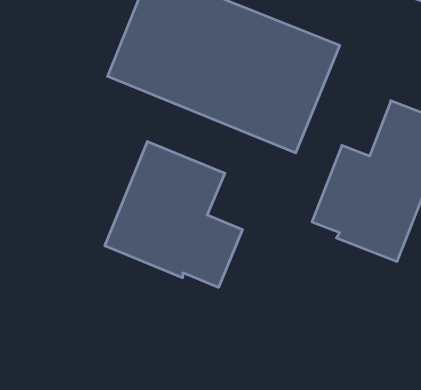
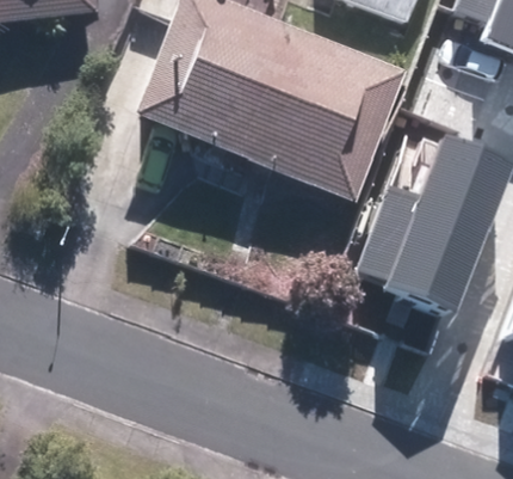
building: [105,141,243,287] -> none

